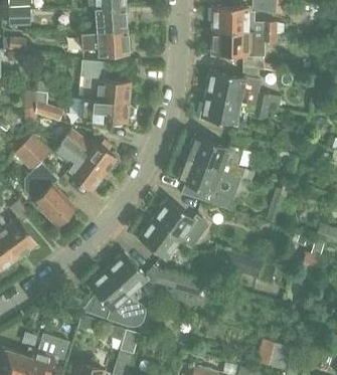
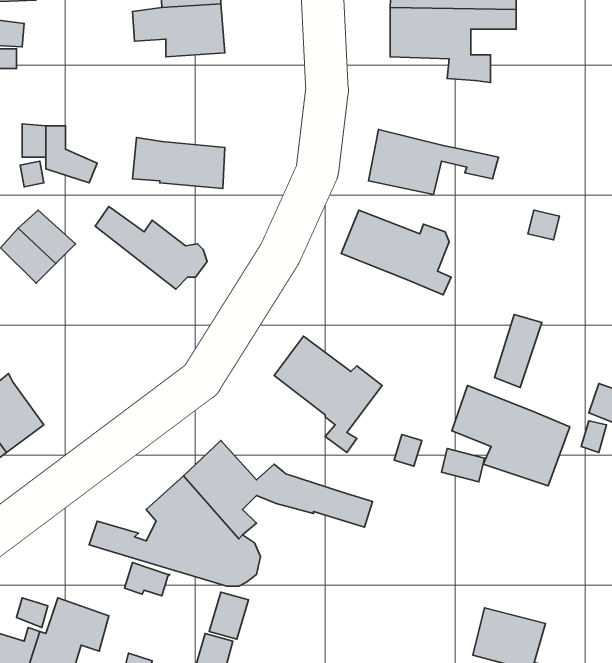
building: [80,60,130,103] -> none
building: [206,67,282,109] -> none
building: [53,143,103,191] -> none
building: [179,157,239,208] -> [452,385,570,486]
building: [27,171,76,227] -> none
building: [137,219,179,260] -> none

